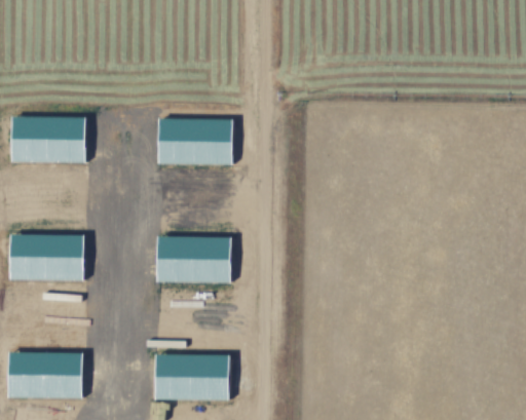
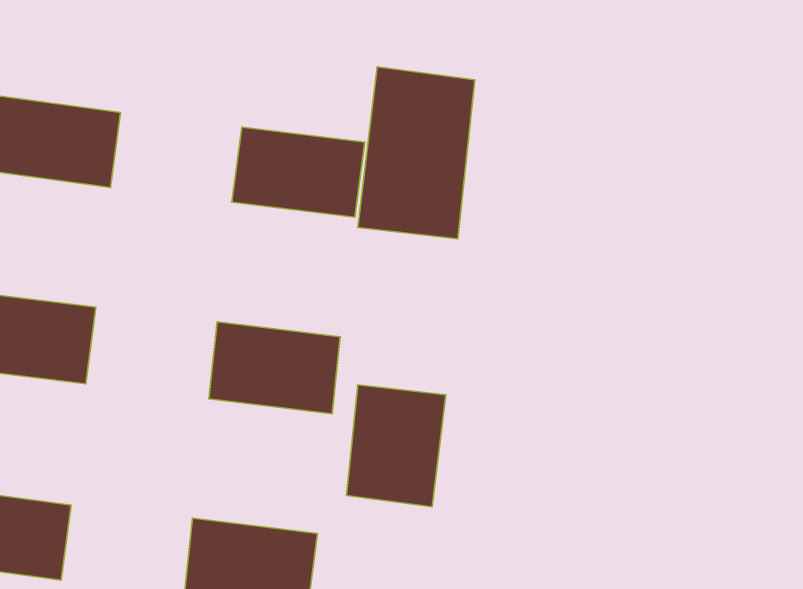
building: none -> [358,67,475,239]
building: none -> [346,385,446,507]

